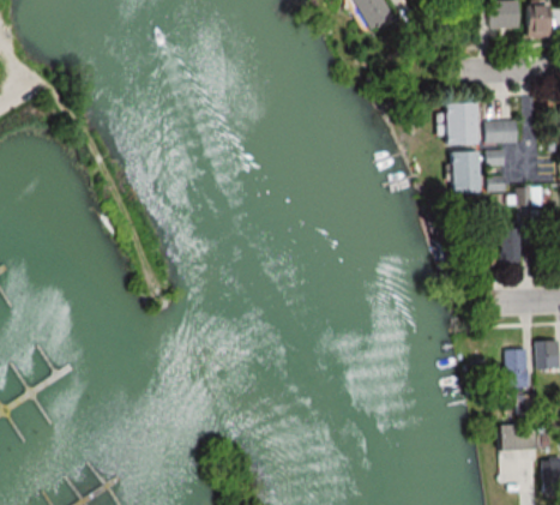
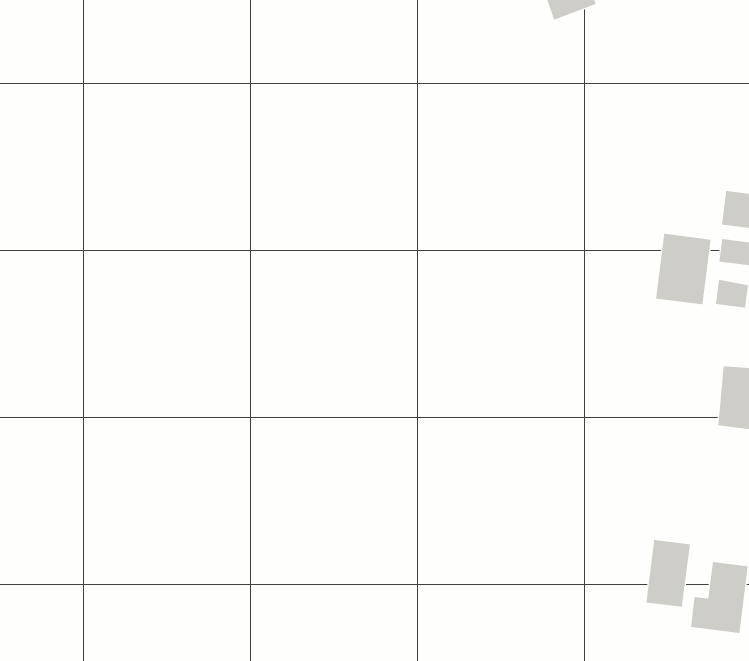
building: [445,104,480,144] -> none
building: none -> [646,539,690,608]

